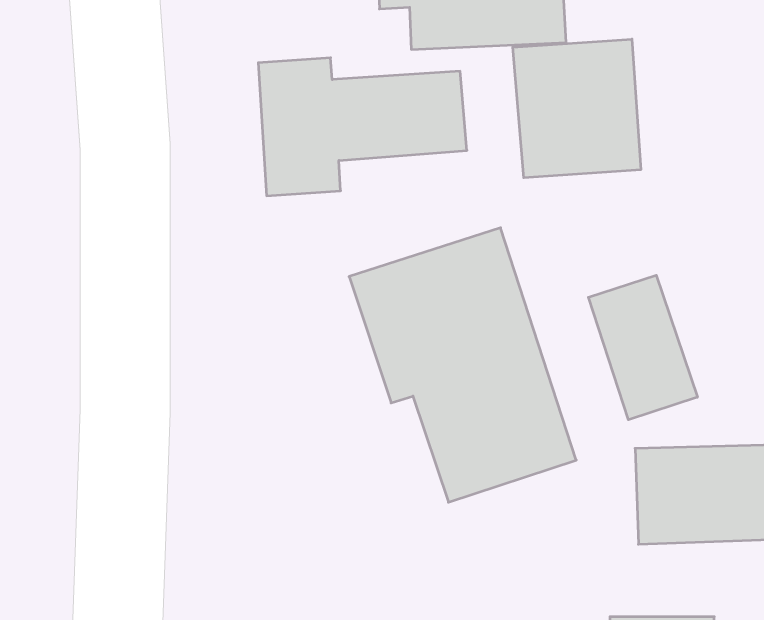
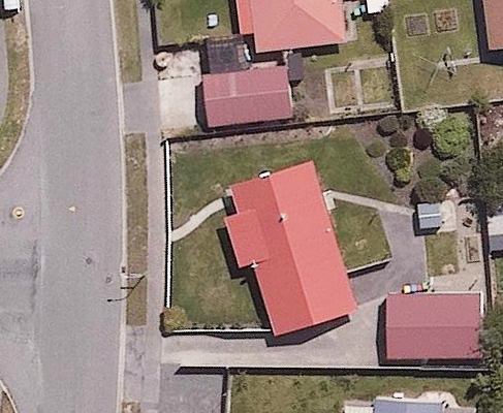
building: [513,39,641,178] -> none
building: [588,275,697,420] -> none

